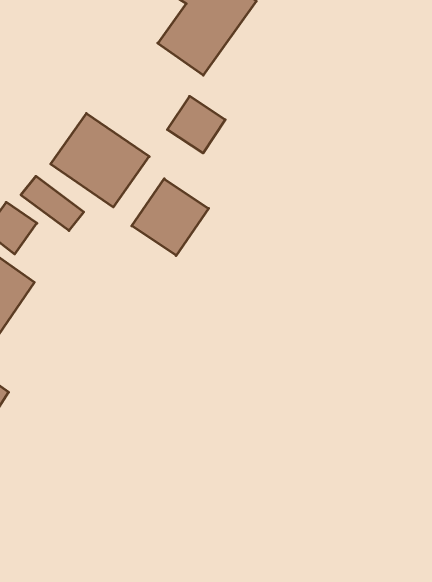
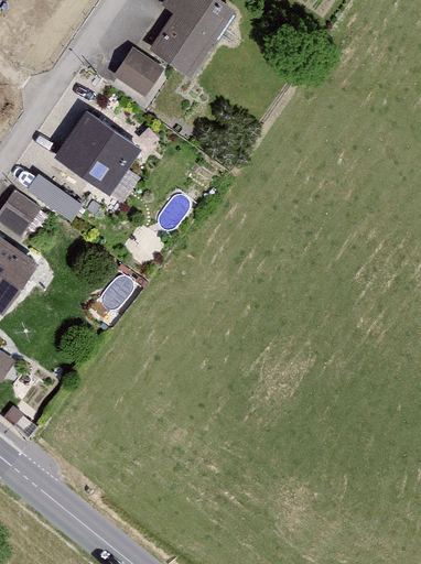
building: [167,96,225,153] -> [112,46,164,97]
building: [132,179,209,256] -> none

